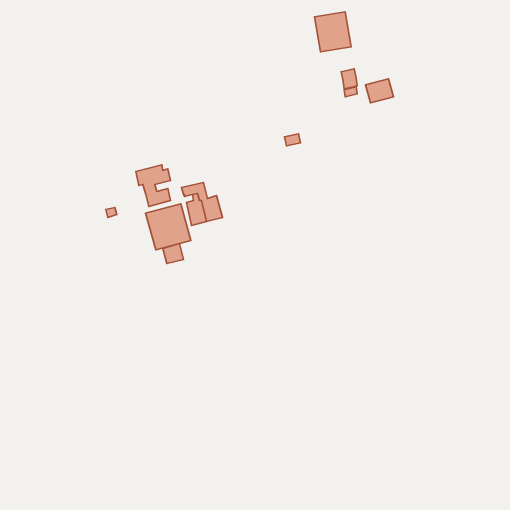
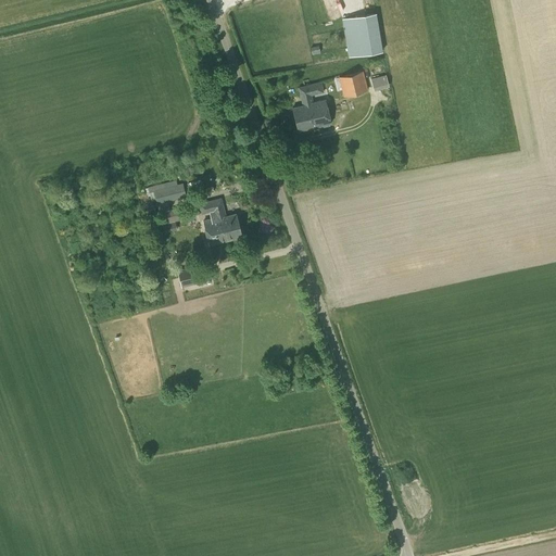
building: none -> [292,81,330,131]
building: [366,79,393,103] -> [338,71,368,97]
building: [146,204,191,250] -> none

